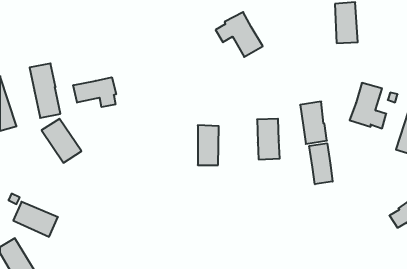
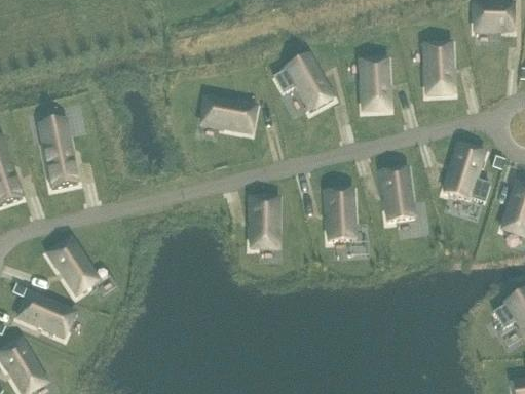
building: none -> [361,57,389,109]
building: none -> [201,96,255,131]
building: [73,77,116,107] -> none
building: [42,119,81,163] -> [47,238,98,293]
building: [309,143,333,184] -> none

